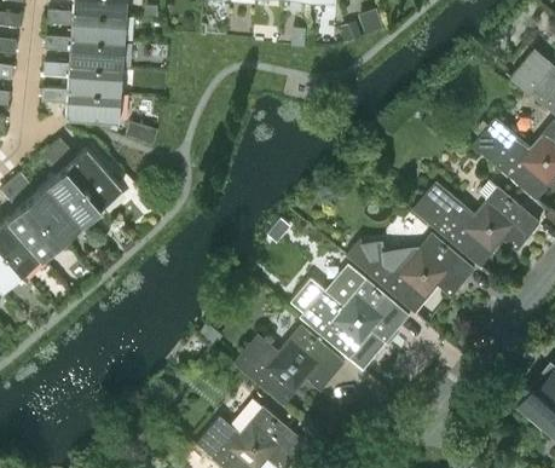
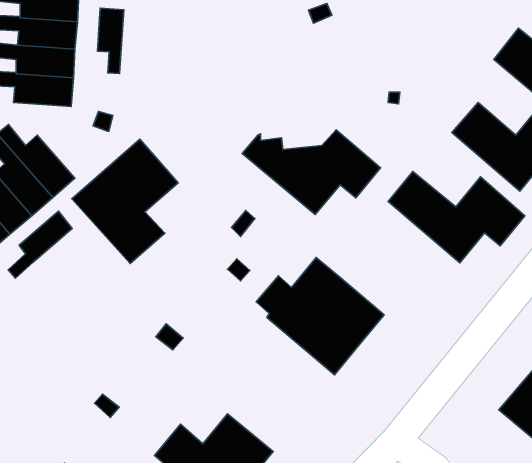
building: none -> [97,8,124,74]
building: none -> [72,139,178,264]
building: none -> [8,211,72,278]
building: [346,235,474,313] -> [242,130,381,215]
building: [235,327,343,405] -> none

